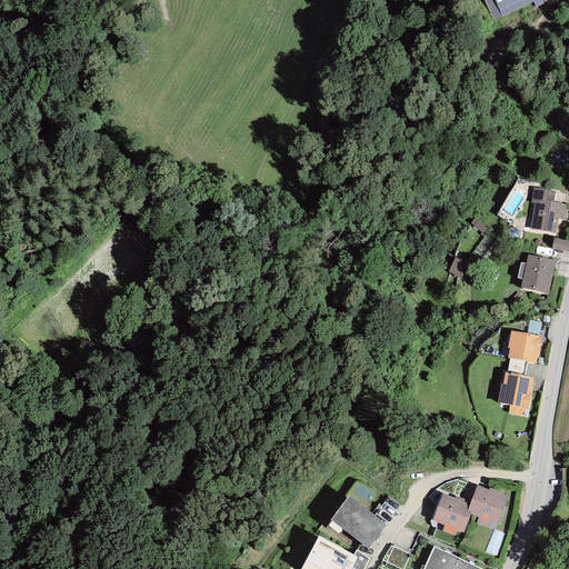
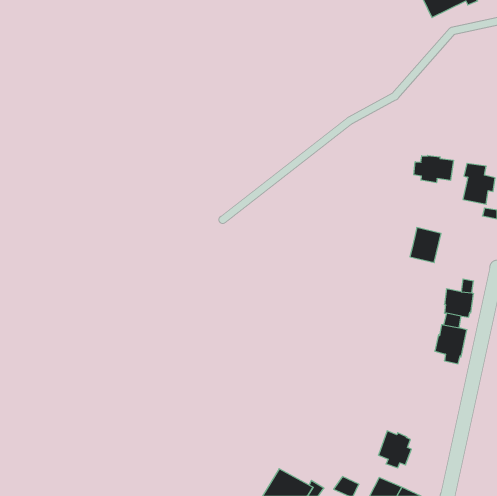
building: none -> [414,155,453,183]
building: [520,253,556,293] -> [410,228,441,263]
building: [466,485,507,527] -> none
building: [331,495,386,548] -> none

